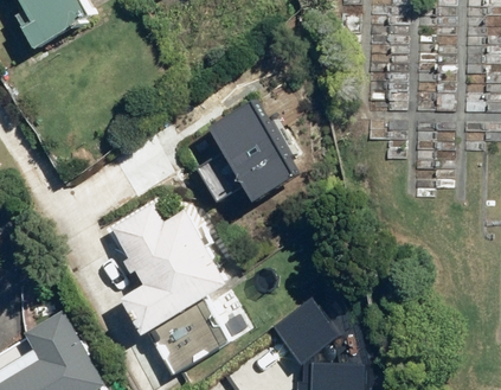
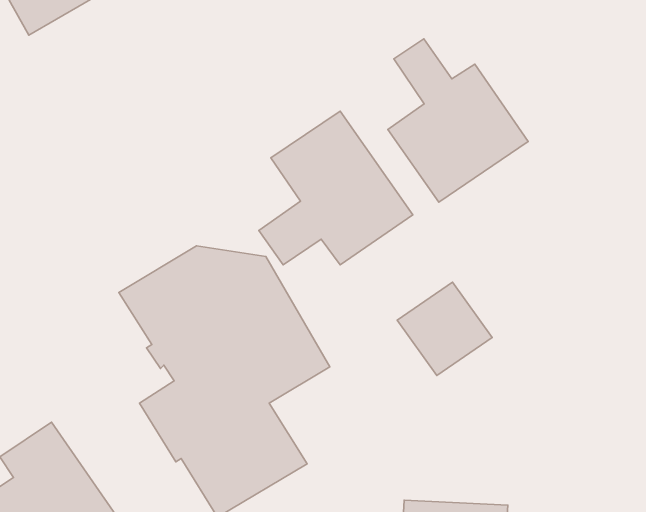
building: none -> [388,39,528,202]
building: [271,301,336,365] -> [397,282,492,375]

